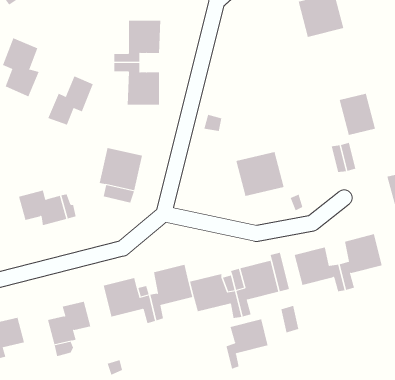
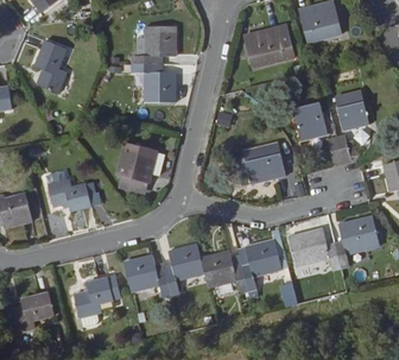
building: none -> [245,23,296,67]
building: [48,75,93,126] -> none
building: none -> [294,101,328,138]
building: [226,319,268,369] -> none

